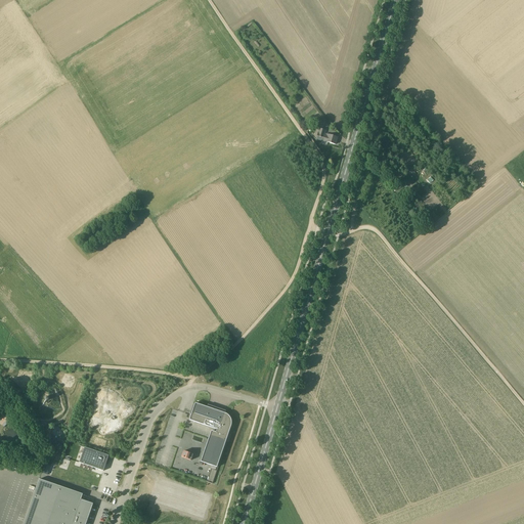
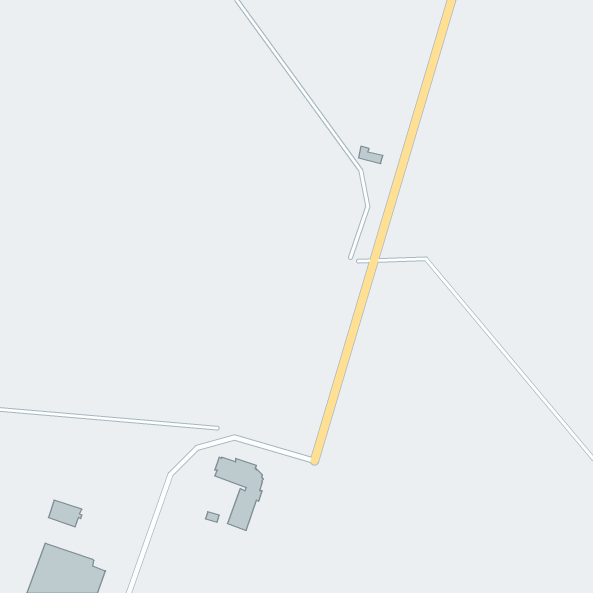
building: [80,447,110,471] -> [48,500,82,527]

